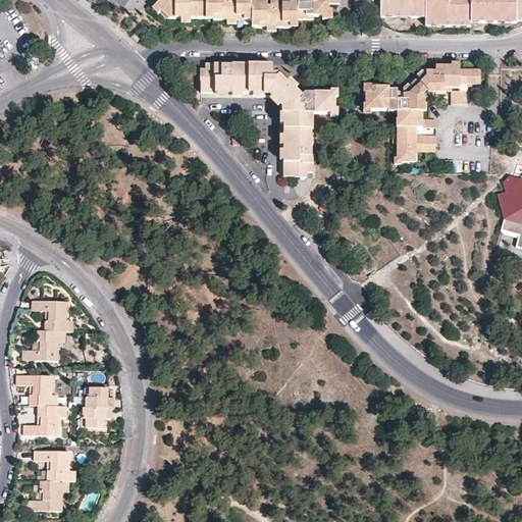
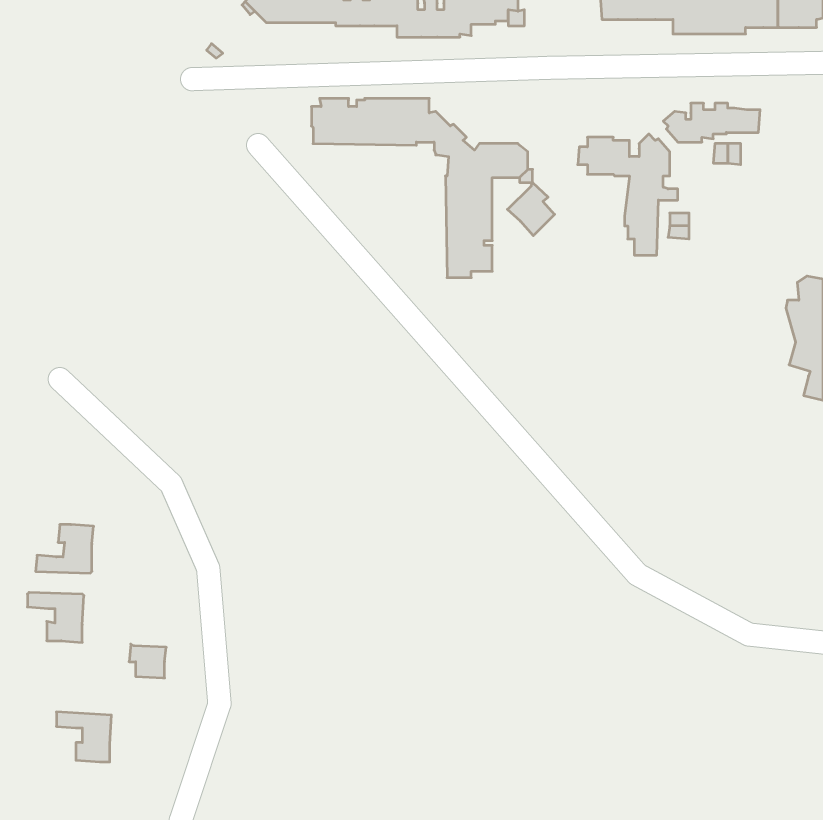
building: none -> [507,182,555,236]
building: [33,301,68,332] -> none
building: [85,387,109,409] -> none
building: [24,405,61,435] -> none
building: [28,480,63,511] -> none

